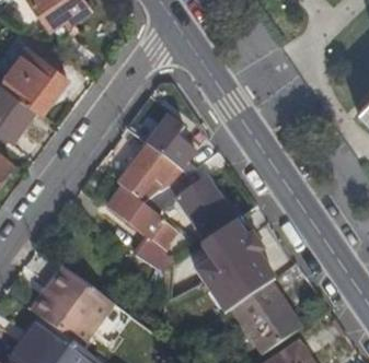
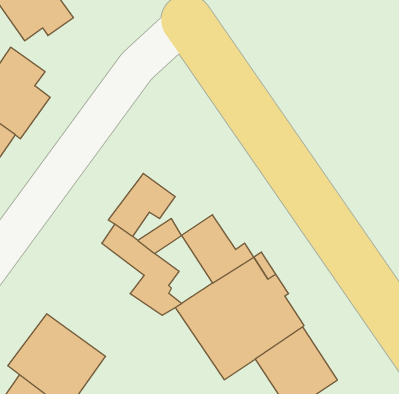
building: [145,117,196,176] -> none

